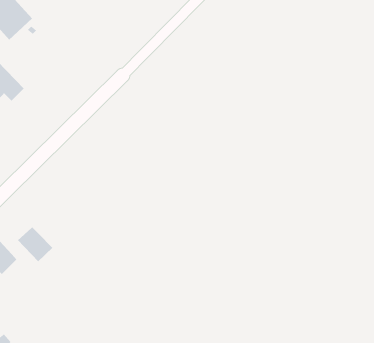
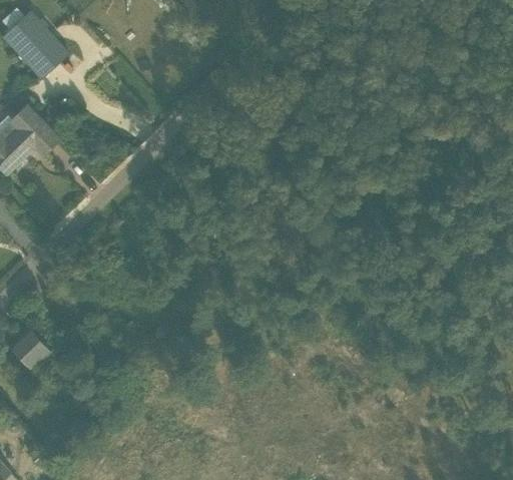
building: [17,227,53,262] -> none

